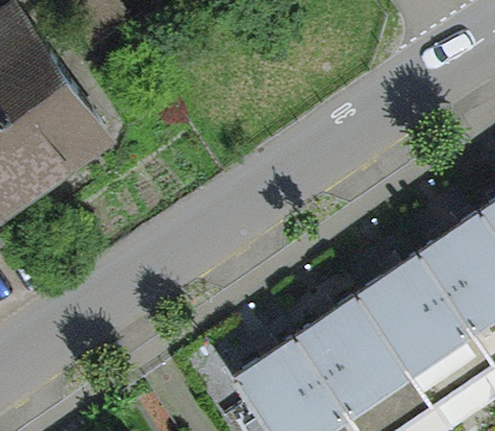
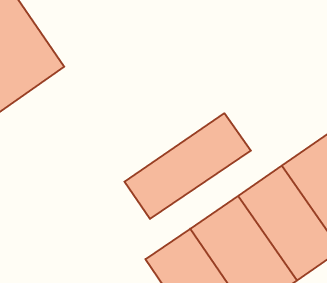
building: none -> [124,113,251,219]

